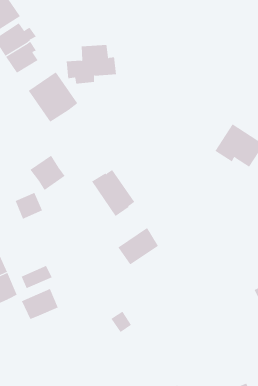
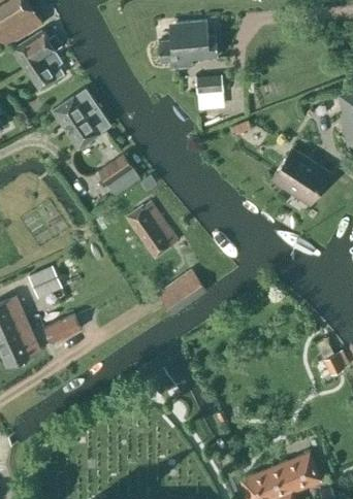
building: [66,44,117,84] -> [159,23,219,69]
building: none -> [195,76,224,110]
building: [29,155,65,191] -> [98,155,140,197]
building: [15,192,43,219] -> [29,267,62,299]
building: [21,288,59,320] -> none

